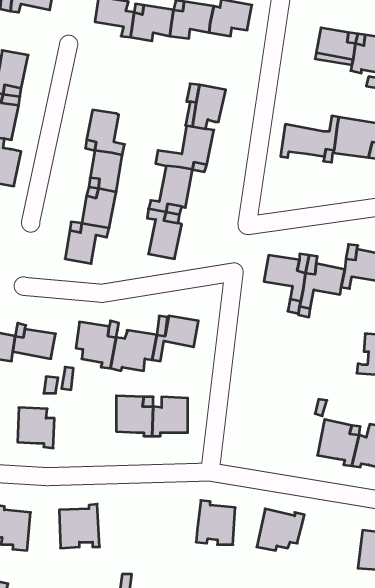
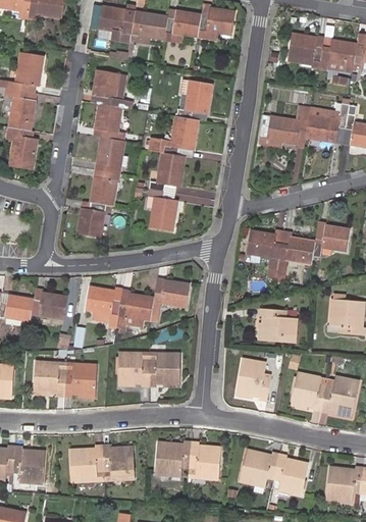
building: none -> [93,71,134,111]
building: none -> [260,306,297,341]
building: none -> [236,357,270,399]
building: none -> [64,362,96,395]
building: none -> [154,439,191,474]
building: none -> [102,442,134,479]
building: none -> [273,452,308,493]

